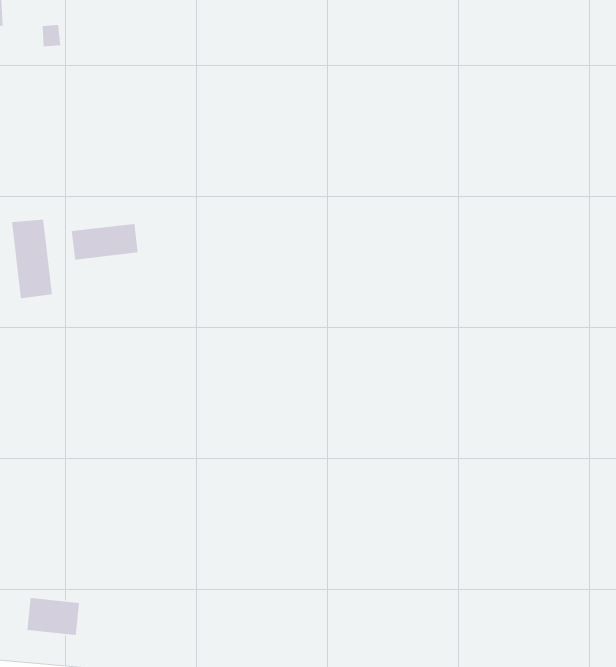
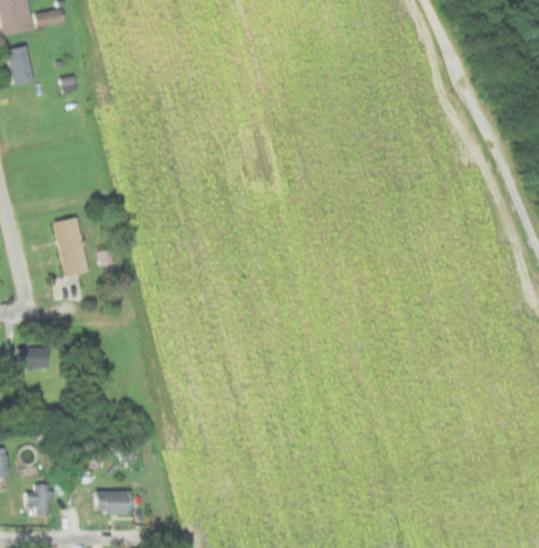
building: [71,223,138,260] -> none

